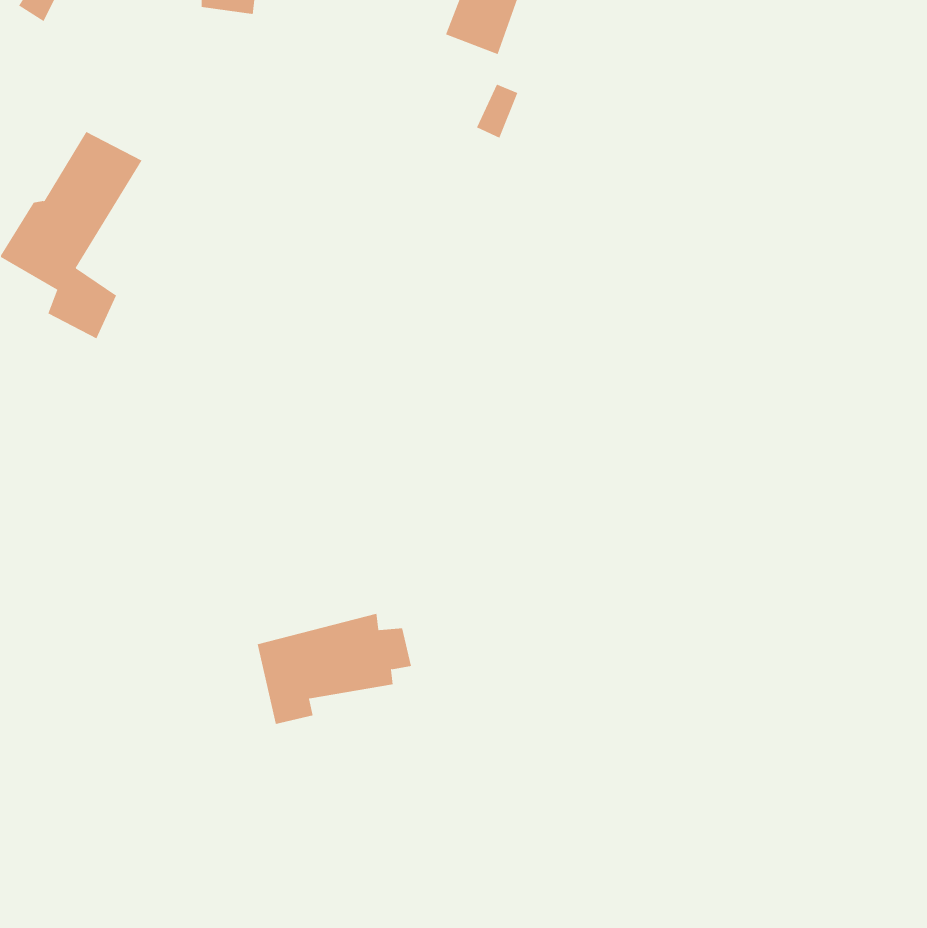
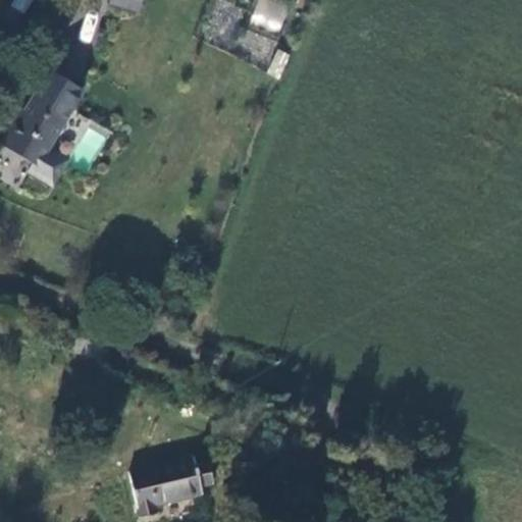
building: [257,613,412,724] -> [130,453,217,515]

